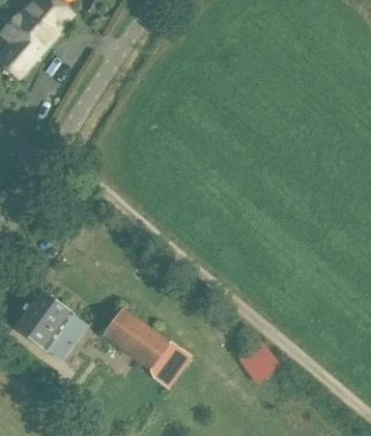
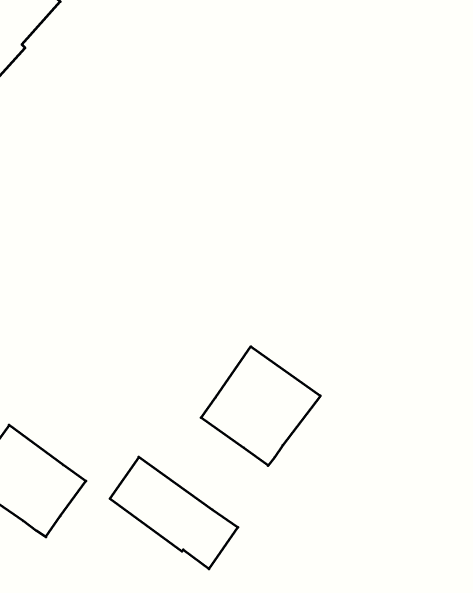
building: none -> [201,347,320,466]

